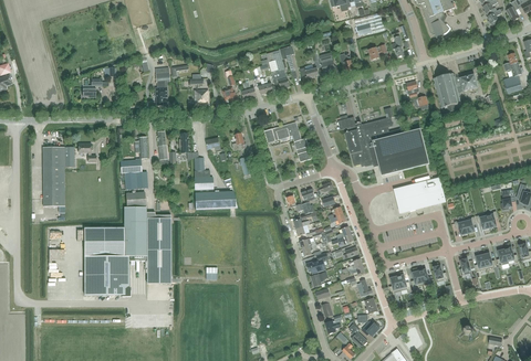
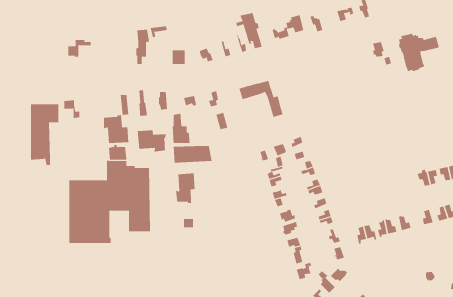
building: [339,107,429,176] -> none
building: none -> [137,129,166,152]
building: [395,179,444,211] -> none
building: none -> [175,172,195,204]

